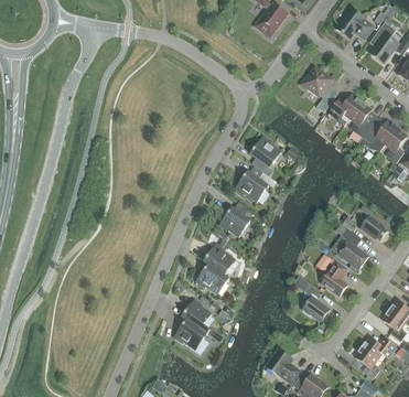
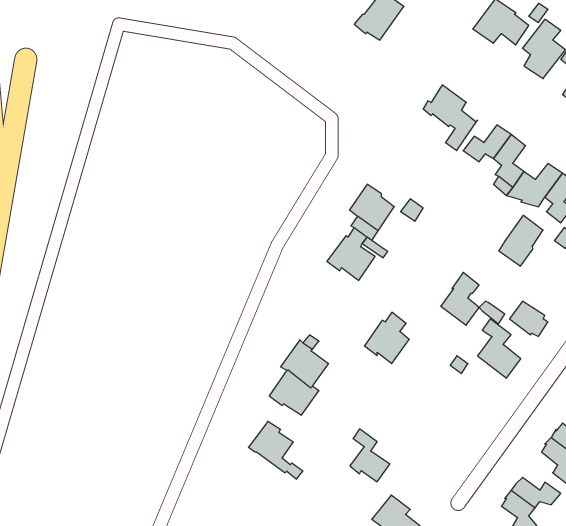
building: none -> [499,215,543,266]
building: [219,201,250,236] -> [364,312,409,364]
building: [321,259,347,296] -> [441,272,479,325]
building: [302,283,330,320] -> [350,429,390,482]
building: [173,319,206,348] -> none

